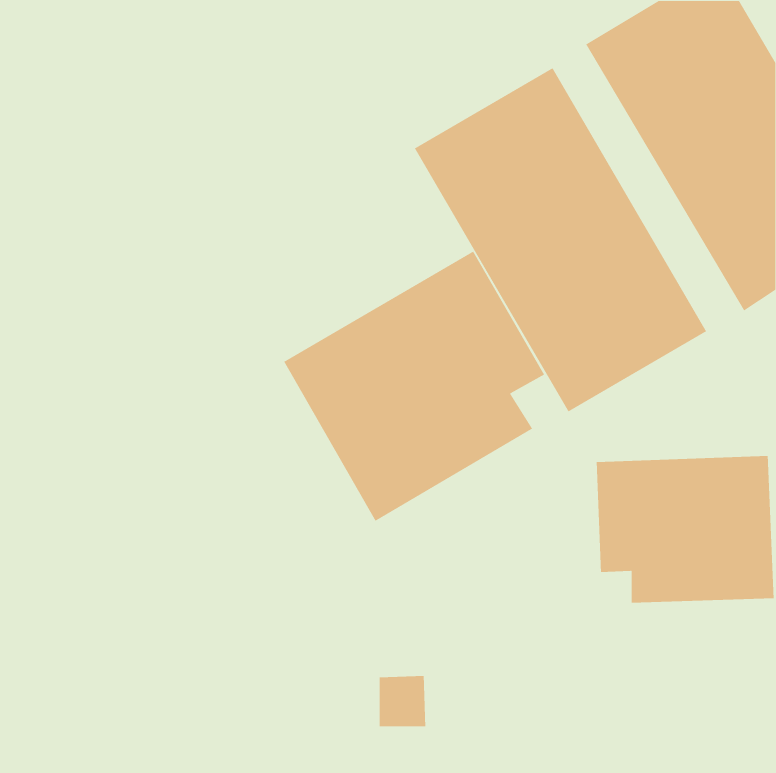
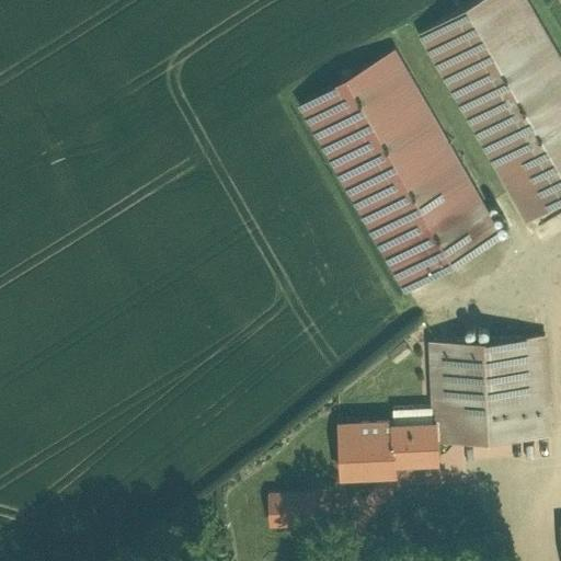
building: [283,250,545,522] -> none
building: none -> [330,415,454,489]

